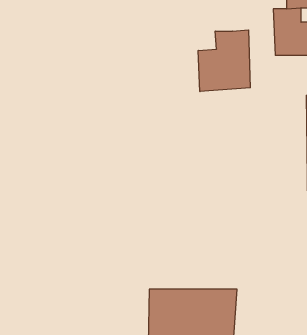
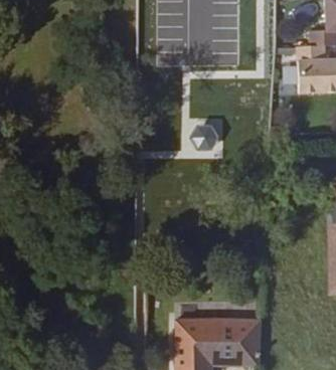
building: [198,30,250,92] -> none

